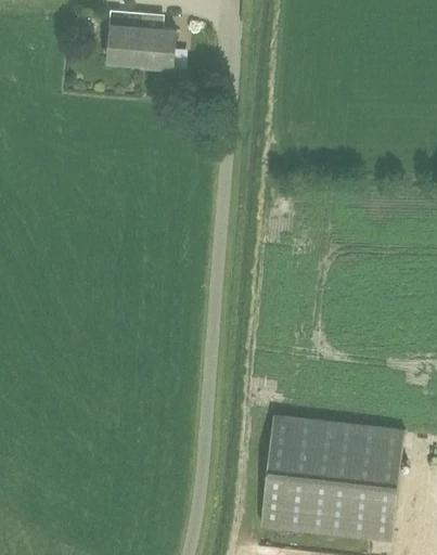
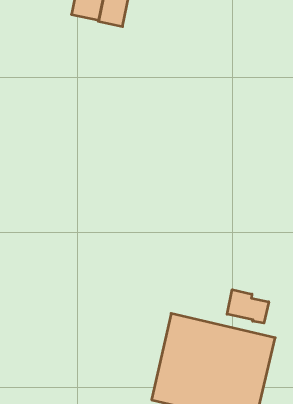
building: none -> [227,290,269,323]

